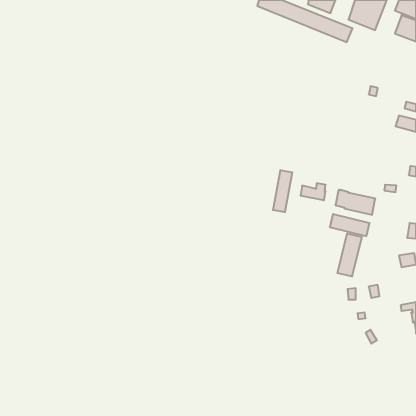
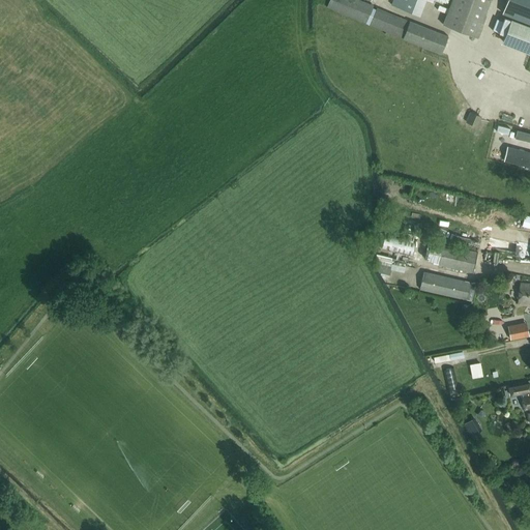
building: [273,170,292,212] -> none
building: [337,233,362,277] -> none

